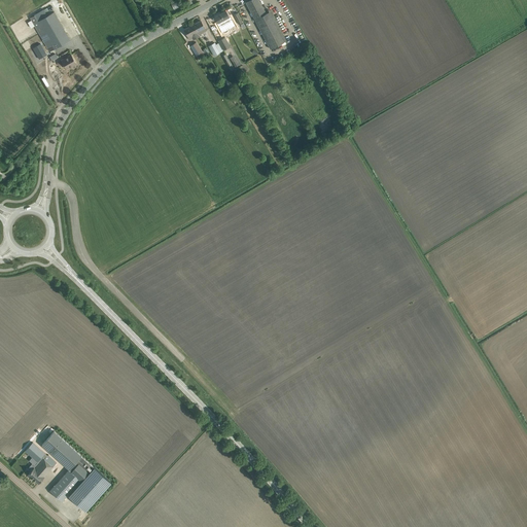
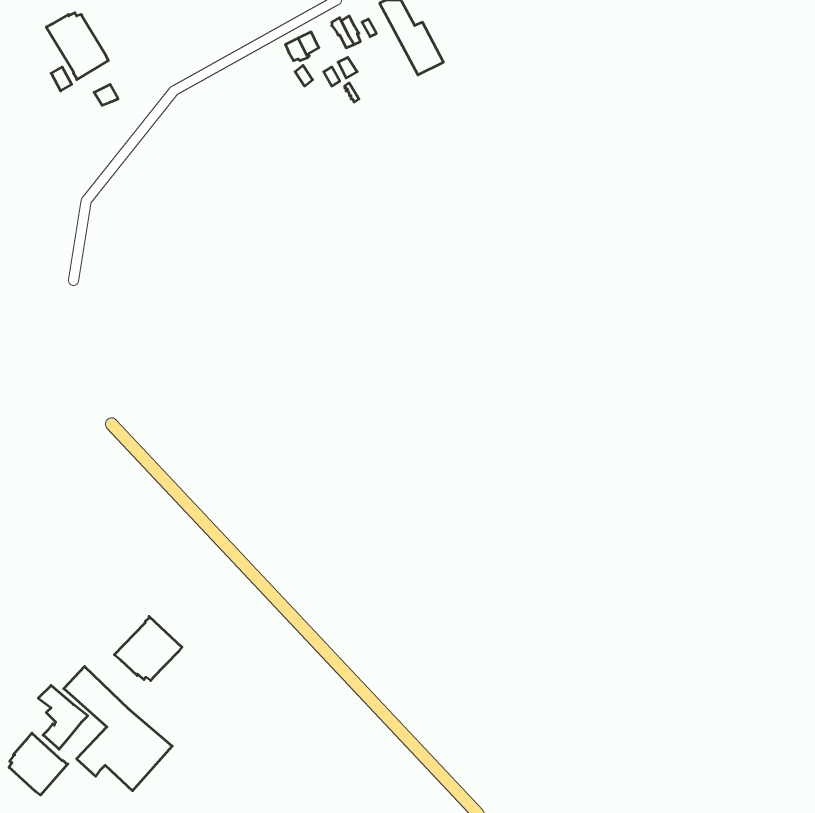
building: none -> [114,616,182,681]
building: none -> [9,733,68,795]

